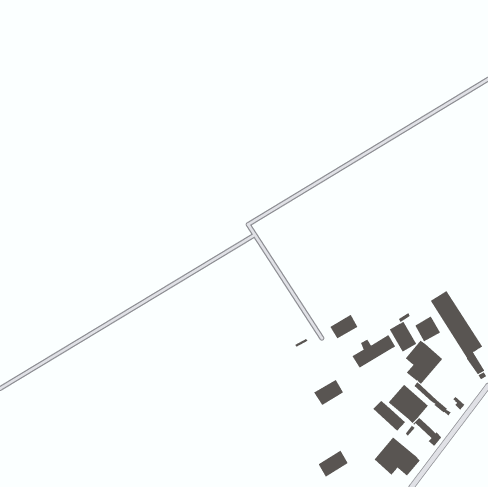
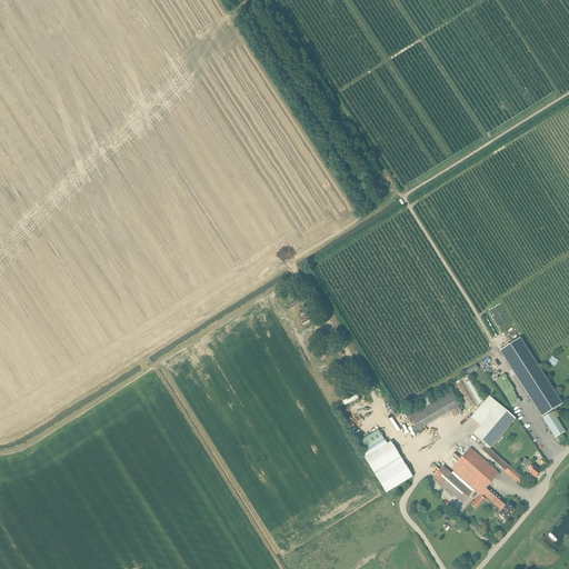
building: [330,314,358,339] -> none
building: [414,316,441,342] -> none
building: [374,437,421,476] -> none
building: [318,450,348,478] -> [377,460,412,492]

